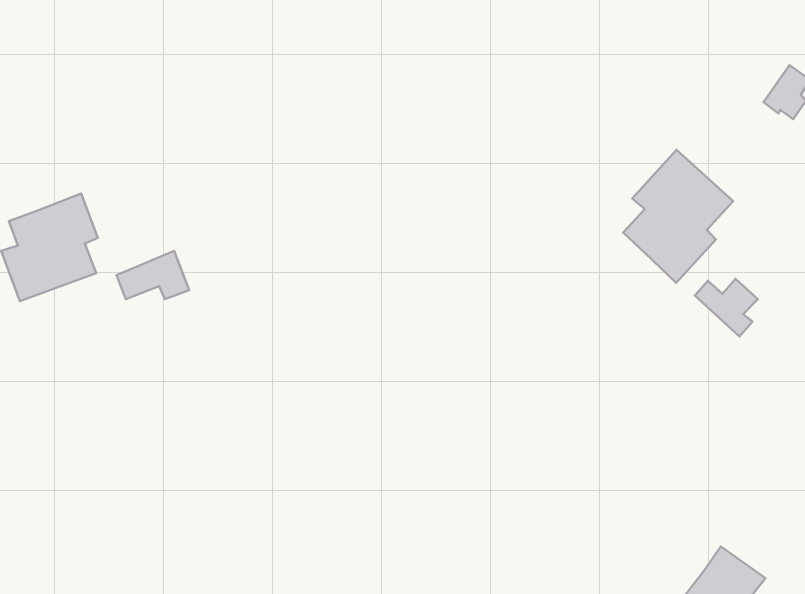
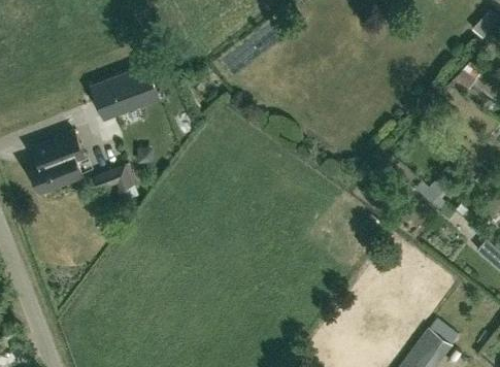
building: none -> [92,67,158,118]
building: [623,150,733,283] -> none

